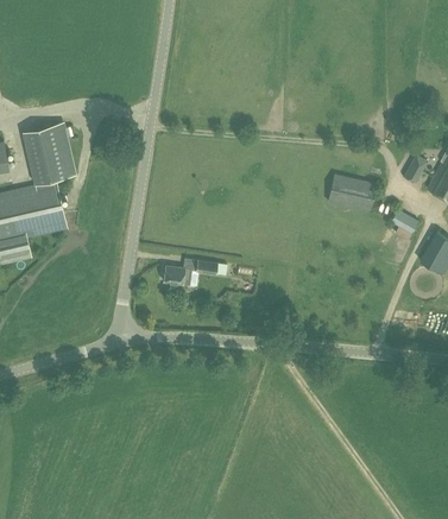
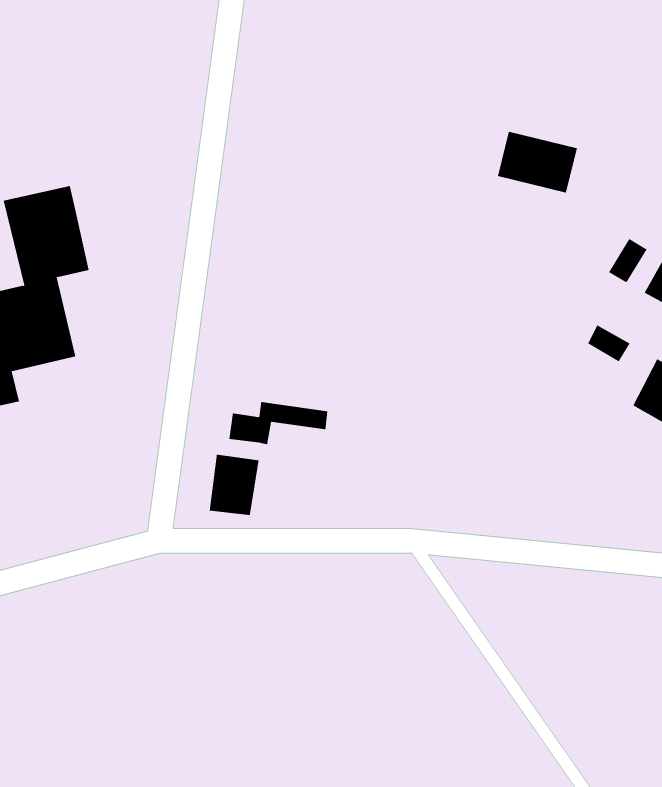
building: [326,173,377,213] -> [497,131,578,193]
building: none -> [209,454,259,516]

